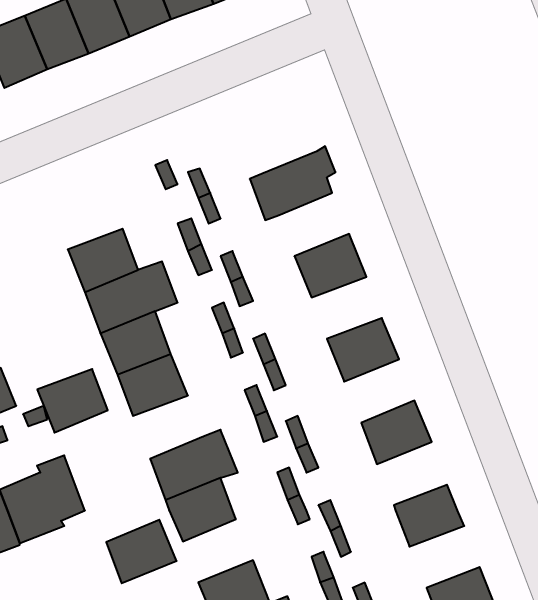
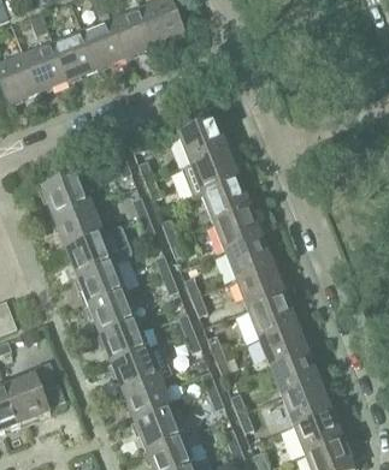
building: none -> [178,118,229,163]
building: none -> [42,172,93,216]
building: none -> [202,177,252,221]
building: none -> [225,236,275,279]
building: none -> [248,293,297,338]
building: [37,369,108,433] -> [100,319,149,363]
building: none -> [271,351,320,395]
building: [106,520,177,583] -> [135,405,184,450]
building: none -> [294,410,343,453]

